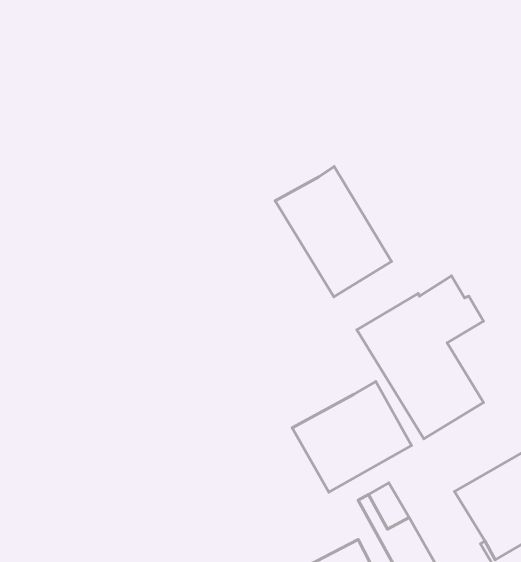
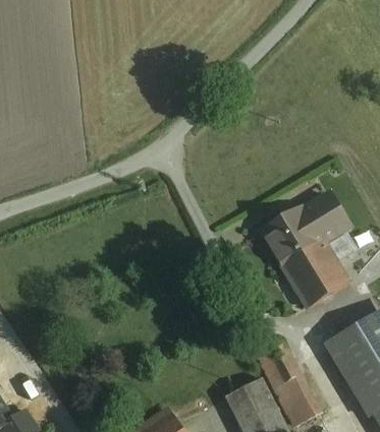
building: [275,166,392,297] -> none
building: [292,381,411,492] -> none

